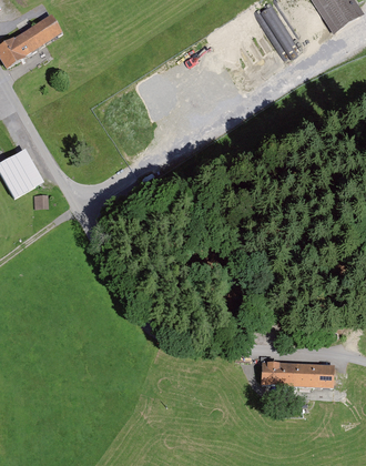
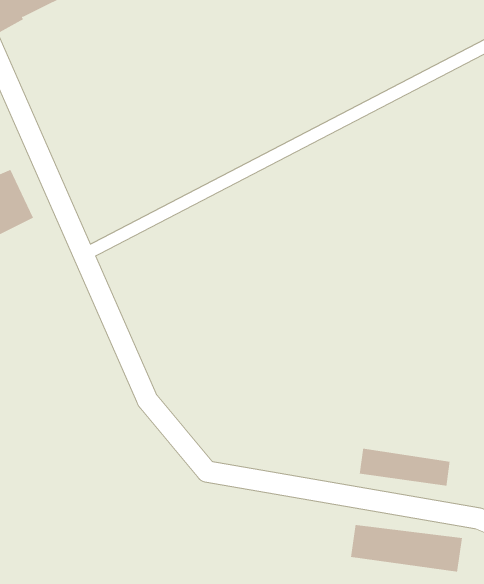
building: none -> [359,448,450,486]

